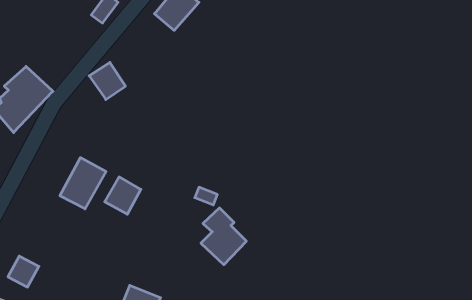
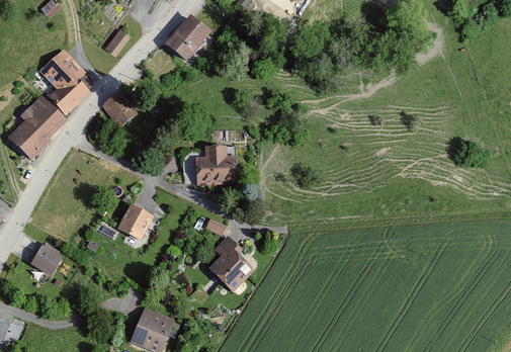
building: none -> [38,49,94,116]
building: none -> [196,146,239,184]
building: [60,158,106,209] -> none
building: [8,256,39,287] -> [32,245,63,275]

